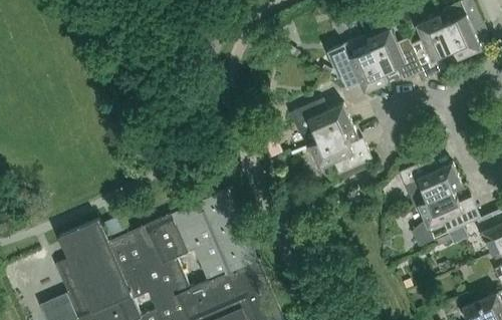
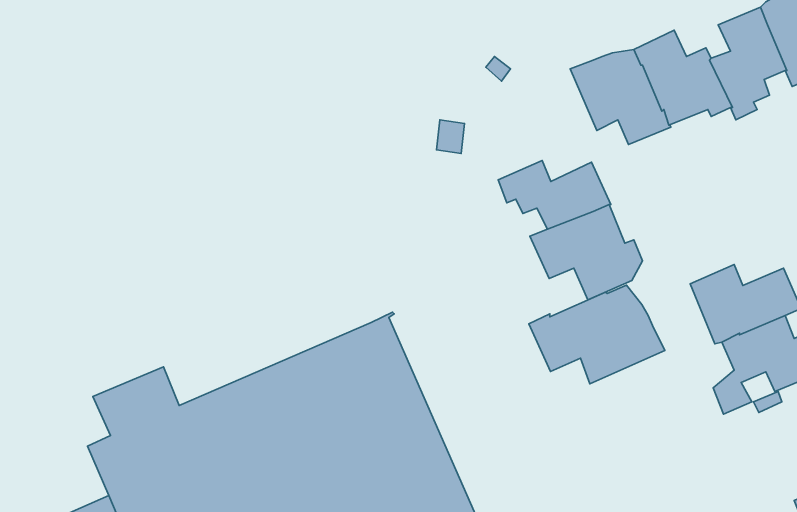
building: none -> [529,285,665,384]

